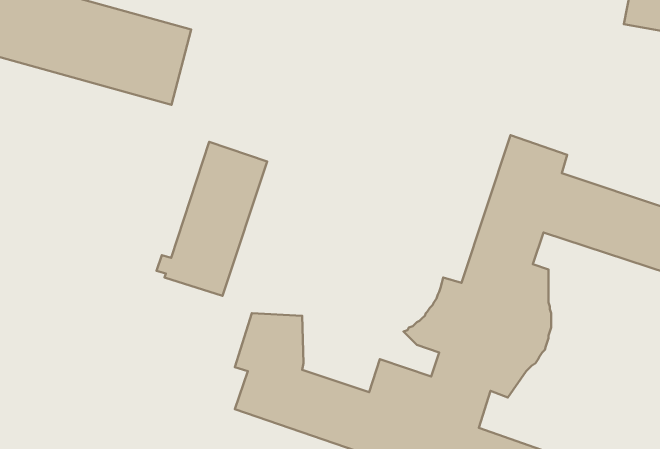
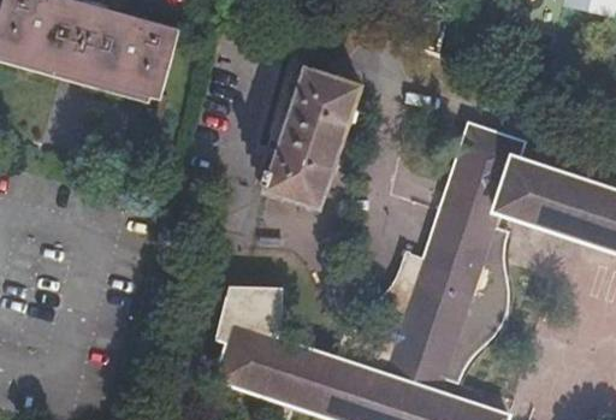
building: [157,142,267,296] -> [259,71,360,212]

